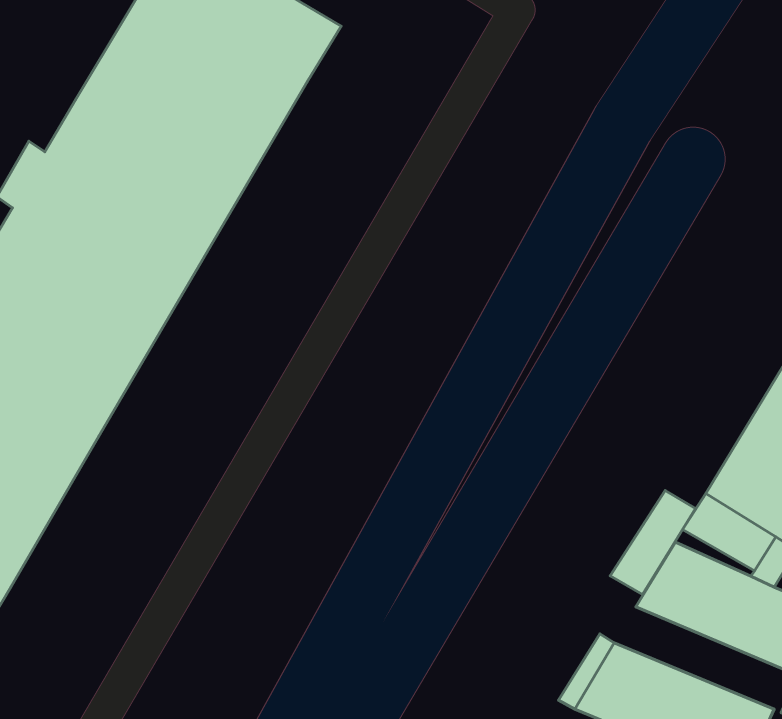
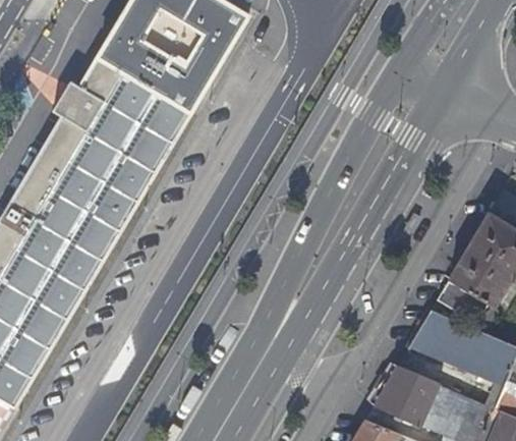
building: [610,490,695,594] -> none

